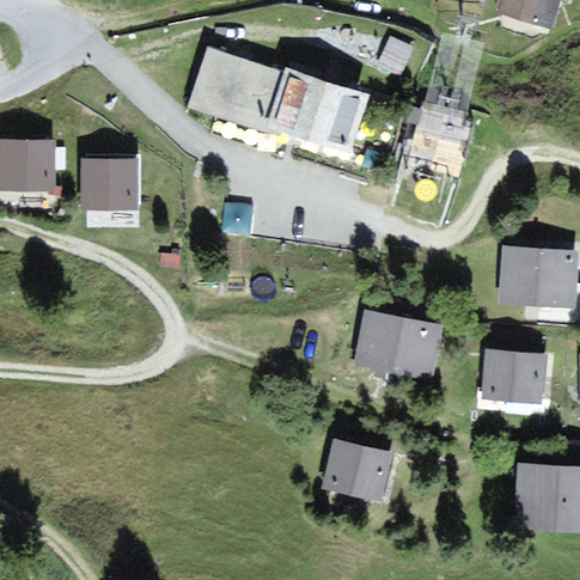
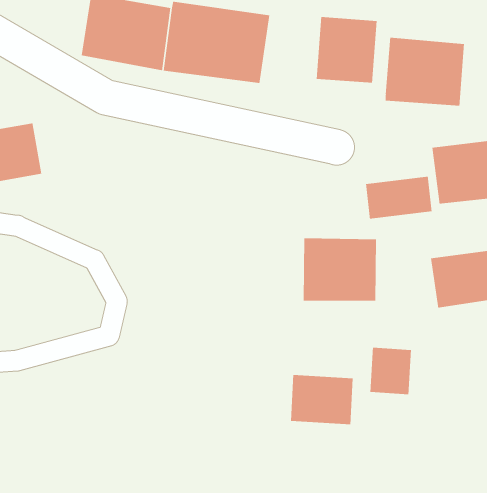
building: none -> [385,37,464,107]
building: none -> [366,176,432,220]
building: none -> [370,347,411,395]

